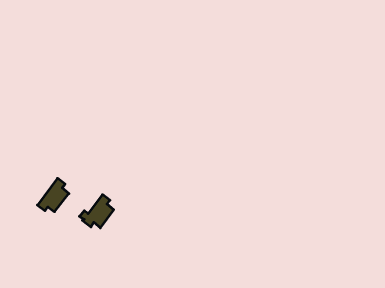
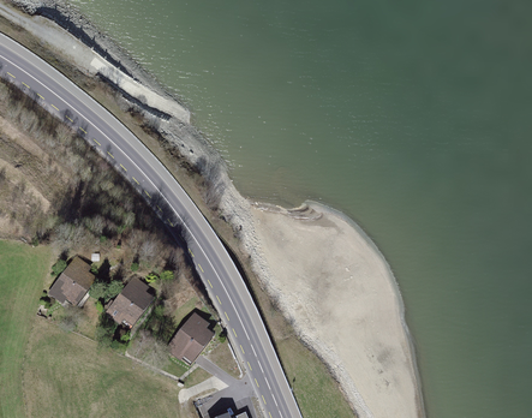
building: none -> [173,316,209,357]

